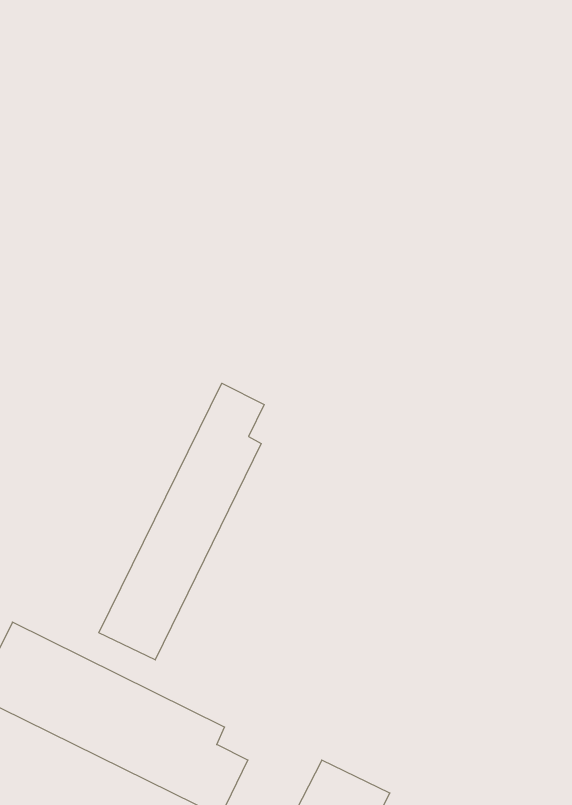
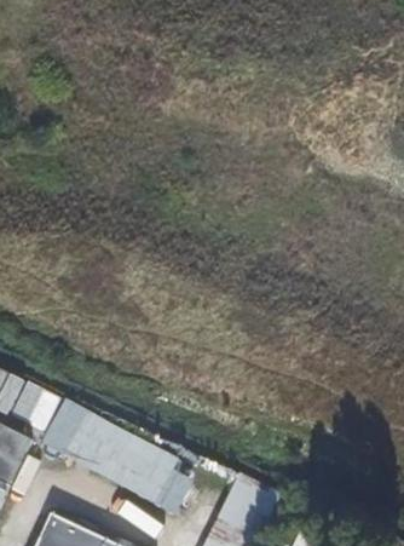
building: [99,383,264,660] -> none

